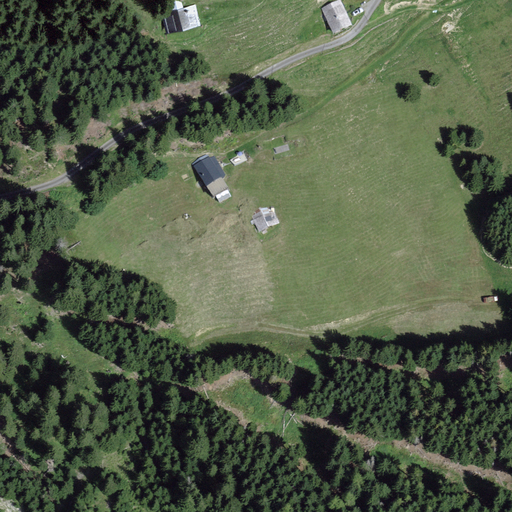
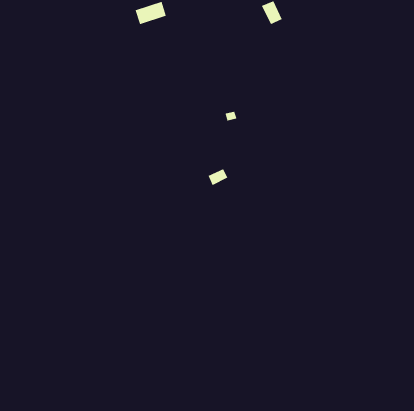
building: [193,155,226,196] -> none

